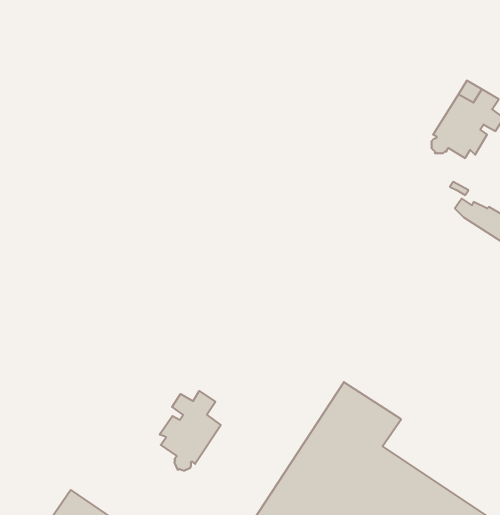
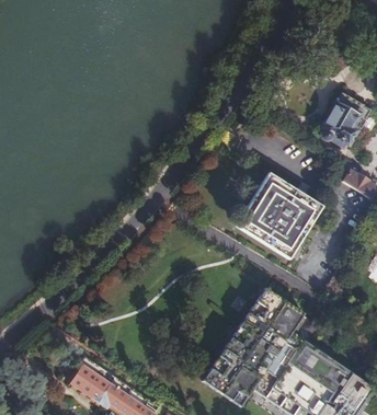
building: none -> [240,178,315,250]
building: [160,391,221,471] -> none

